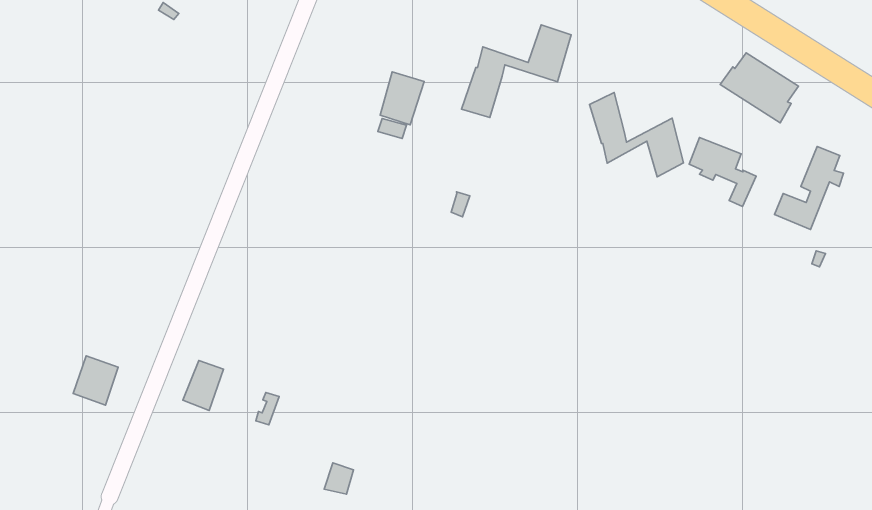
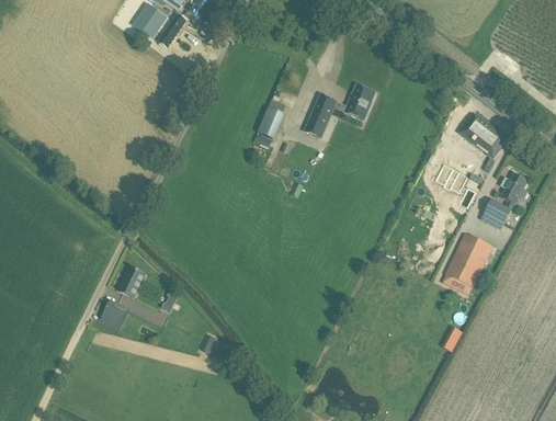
building: [590,92,683,177] -> none
building: none -> [446,234,492,286]
building: [73,356,118,405] -> [100,299,128,330]

